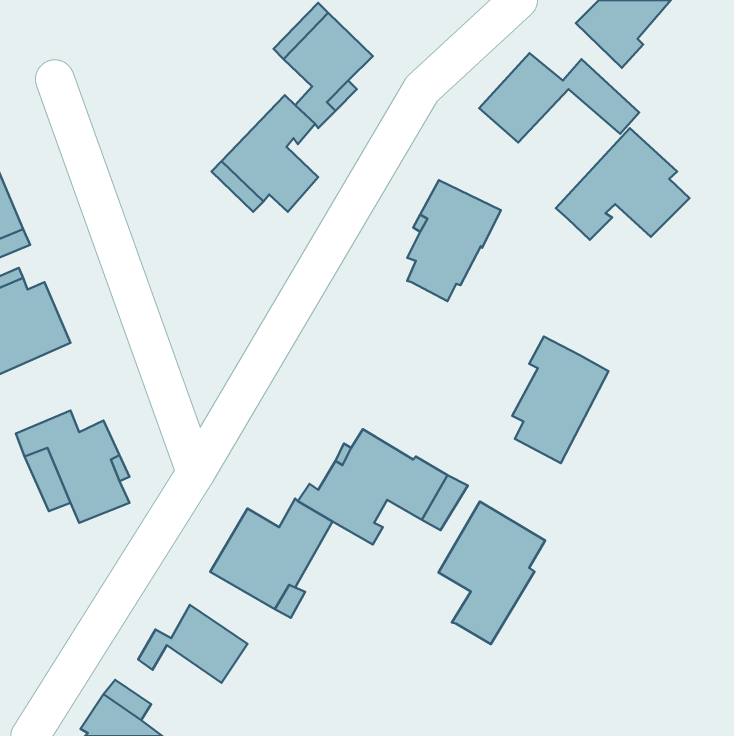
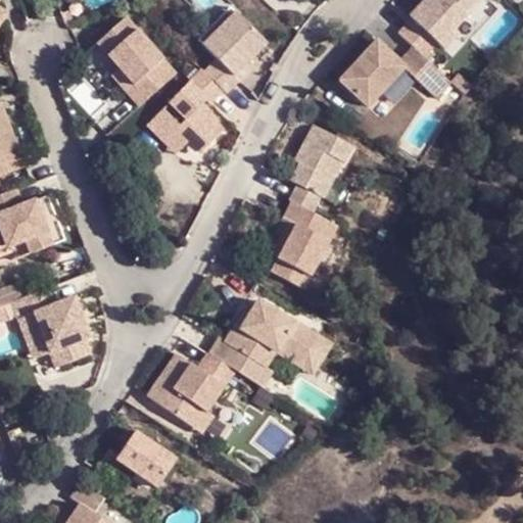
building: none -> [97,16,175,103]
building: [556,128,689,240] -> none
building: [512,337,608,463] -> [270,200,338,290]
building: [439,502,545,644] -> none

